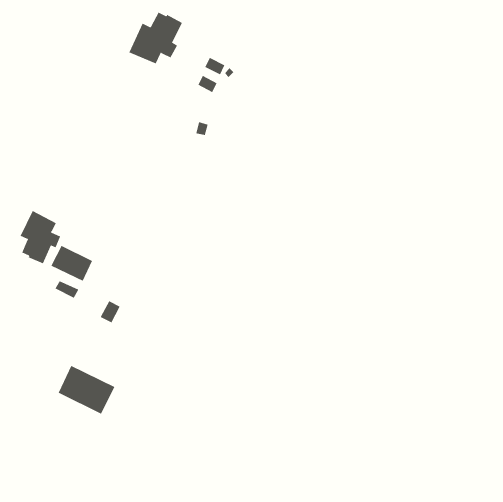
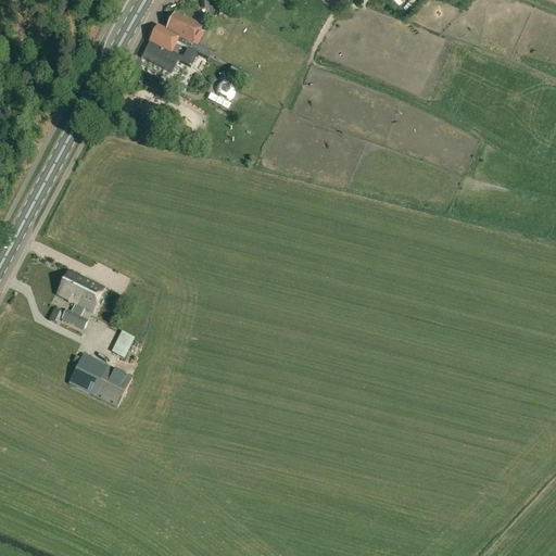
building: [20,210,61,264] -> none
building: [58,365,115,415] -> [68,352,131,406]

